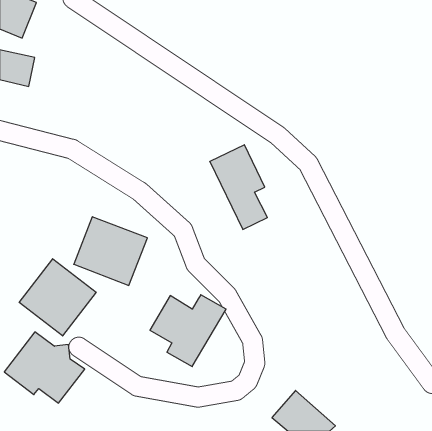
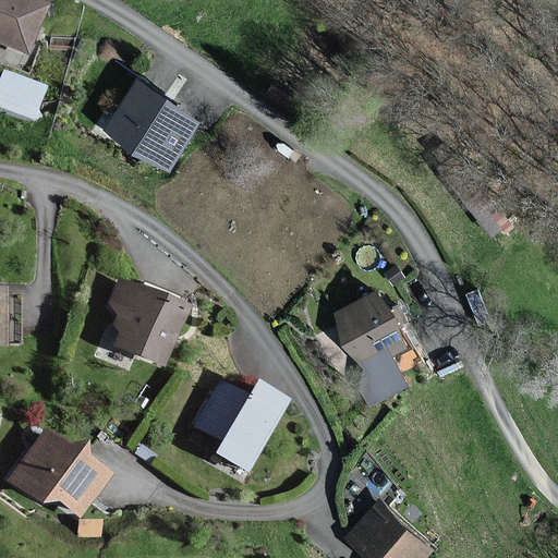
building: none -> [110,83,197,166]
building: [210,145,267,229] -> [332,291,407,400]
building: [19,259,96,336] -> none

